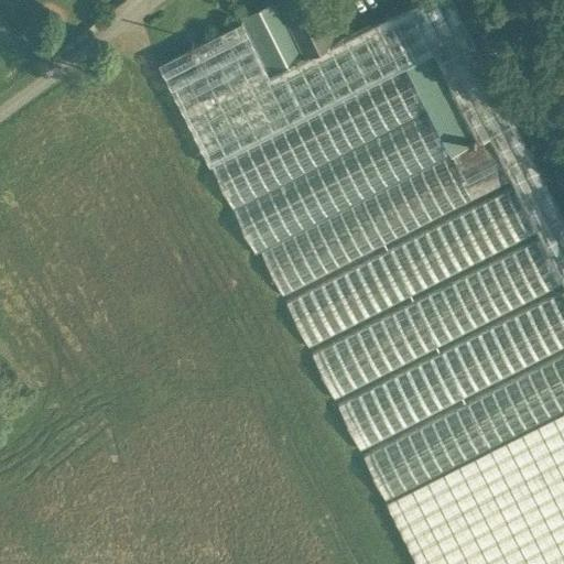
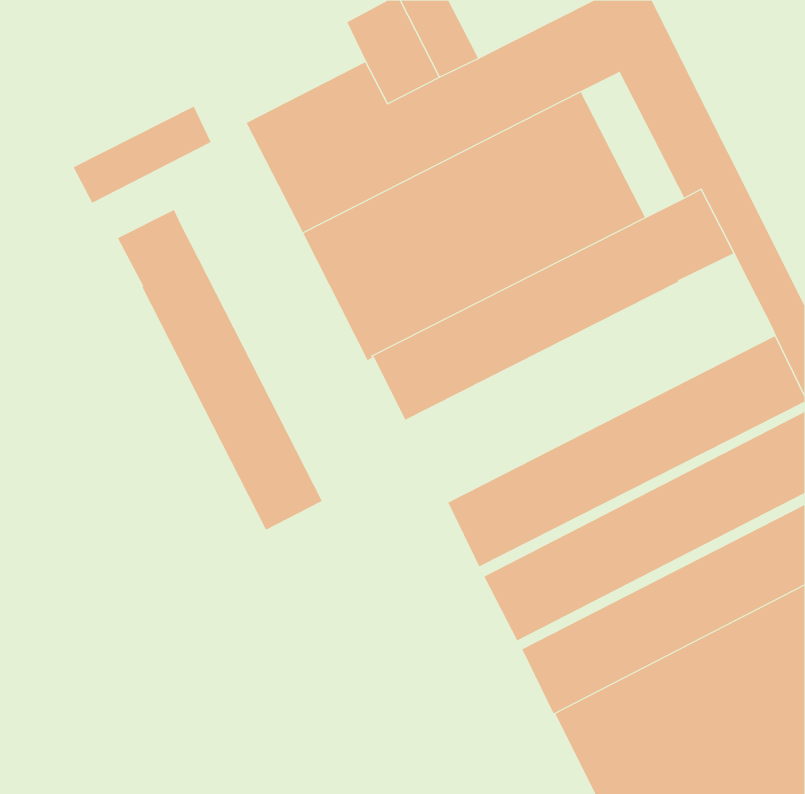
building: [159,25,256,94] -> [73,106,212,203]
building: [406,58,478,160] -> none
building: none -> [117,209,323,531]
building: [286,192,540,354] -> none

